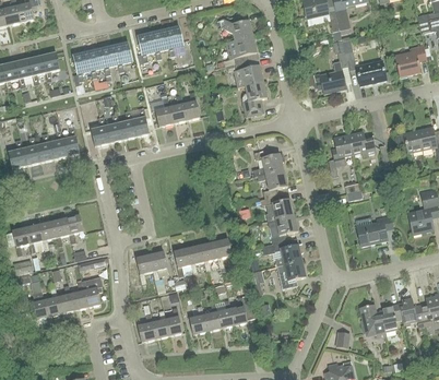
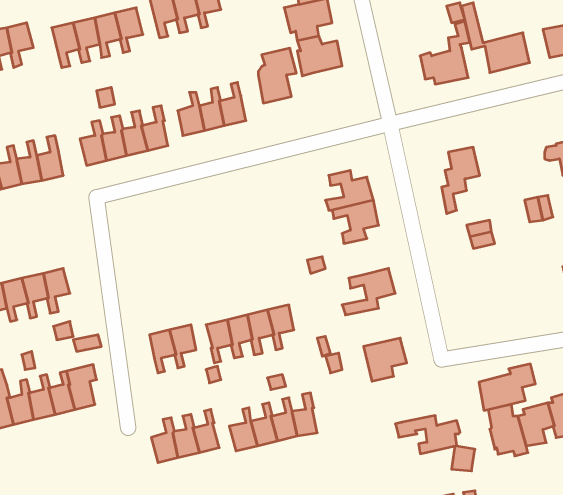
building: [242,81,268,117] -> [258,48,296,103]
building: [349,131,376,155] -> none
building: [264,194,294,221] -> none
building: [357,215,394,246] -> [479,364,535,410]
building: [261,240,304,265] -> [395,416,460,454]

